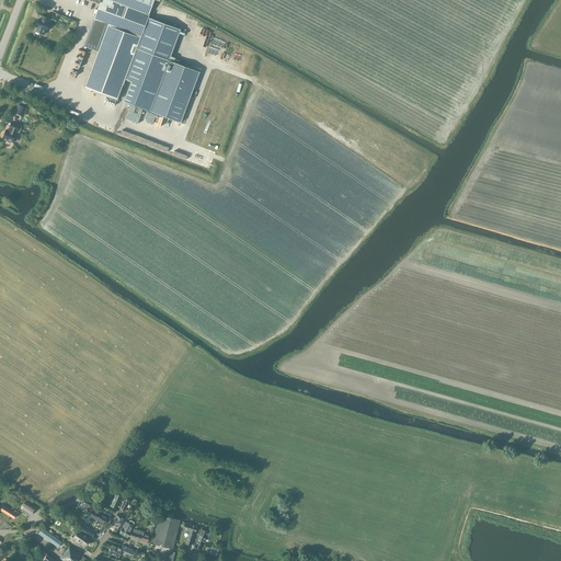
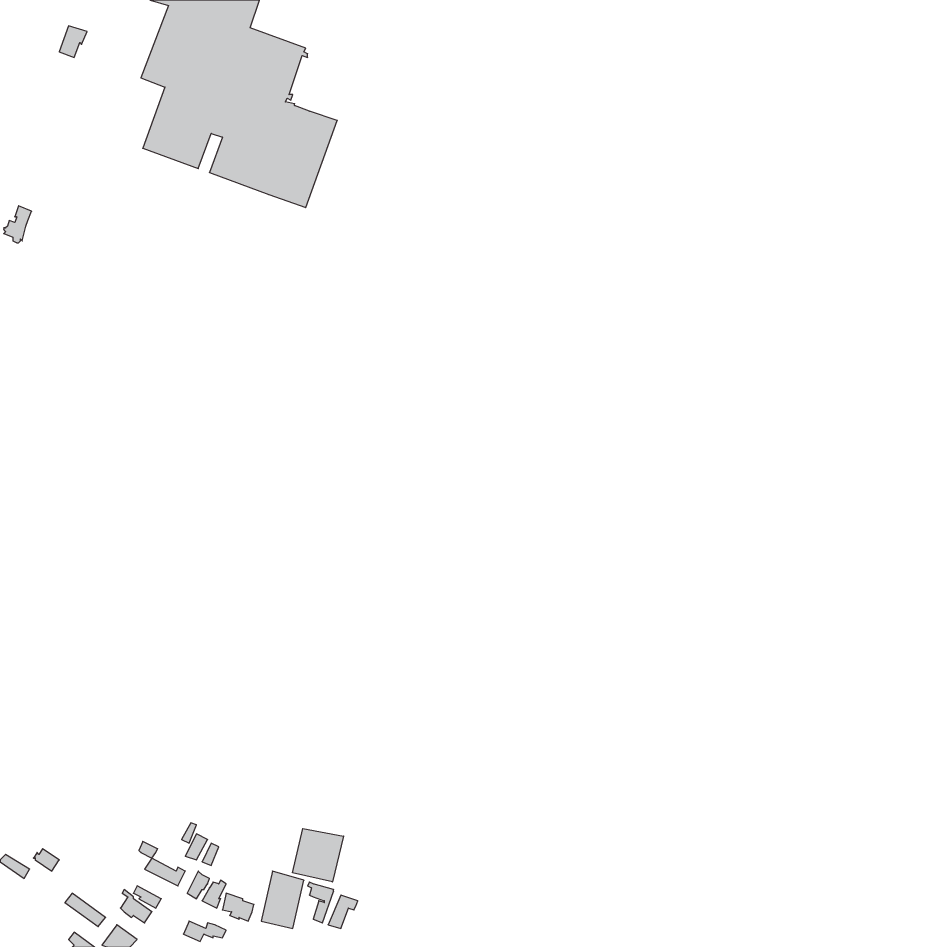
building: none -> [293,829,344,882]

